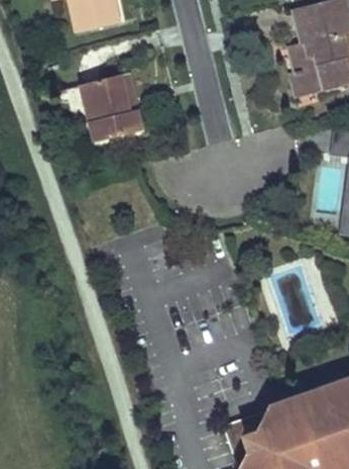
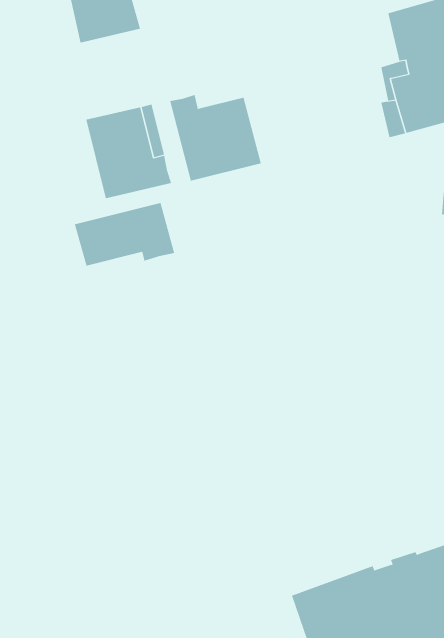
building: none -> [169,94,261,182]
building: none -> [74,202,175,266]

